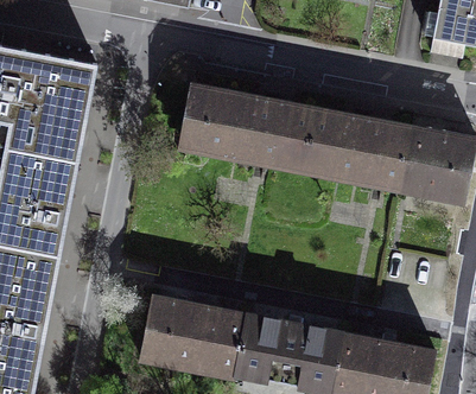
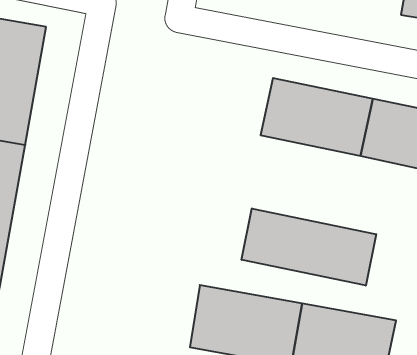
building: [180,85,313,166] -> none
building: none -> [242,208,376,286]
building: [140,296,242,373] -> none

